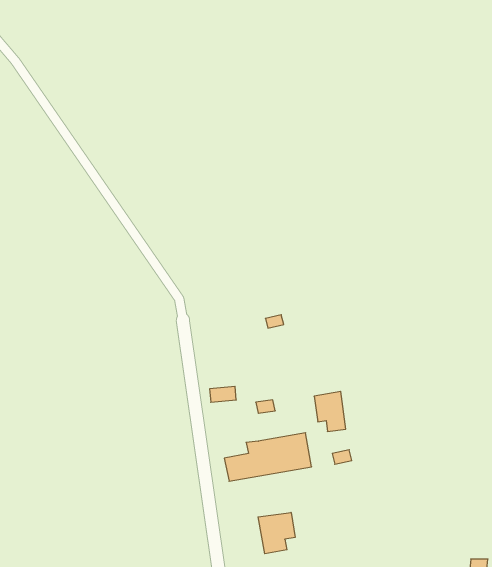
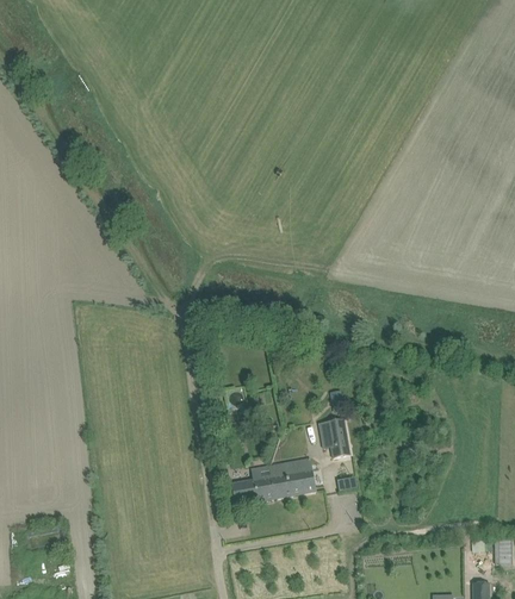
building: [258,512,295,554] -> none

